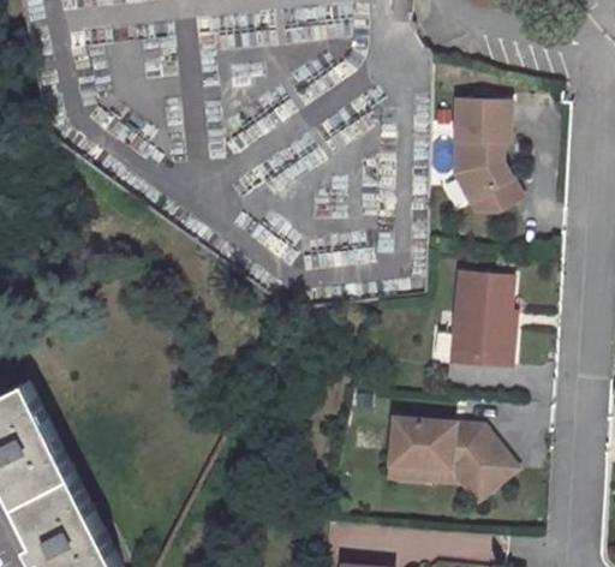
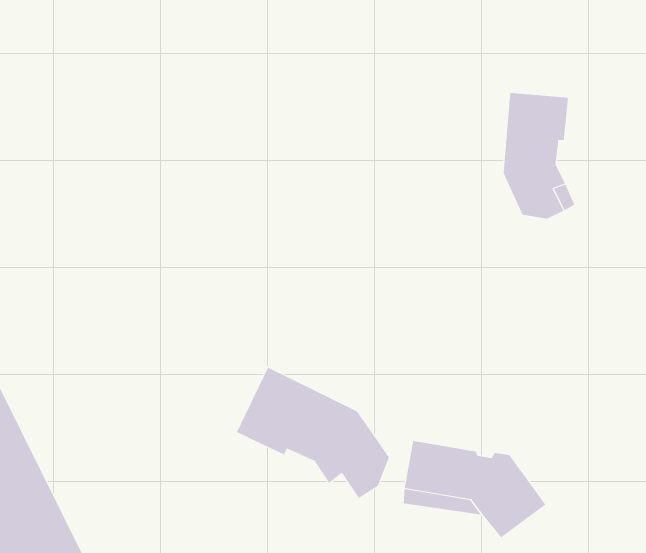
building: [449,271,510,365] -> none
building: none -> [236,367,389,499]

